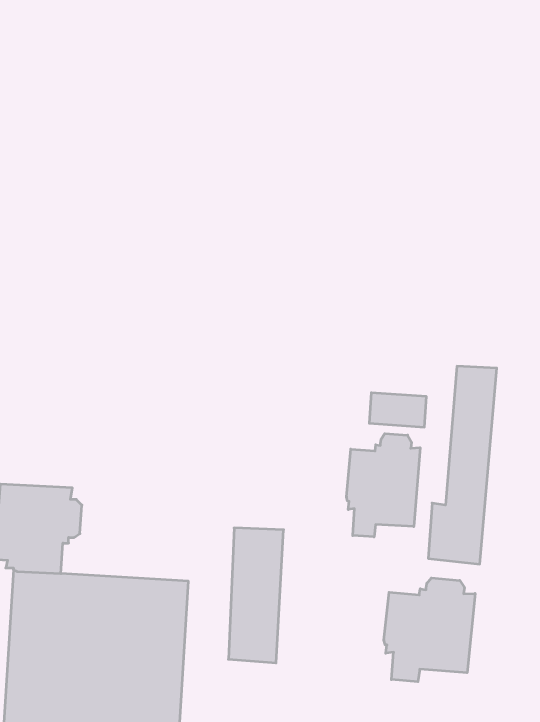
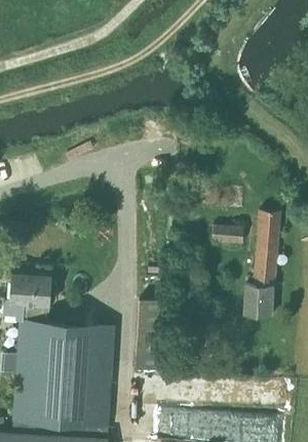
building: [347,434,420,537] -> none
building: [384,578,475,682] -> none

